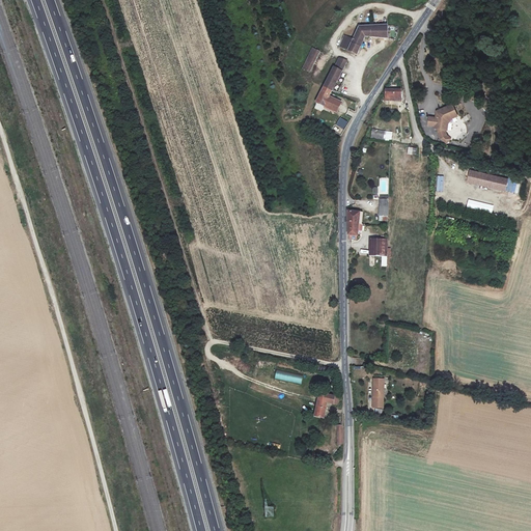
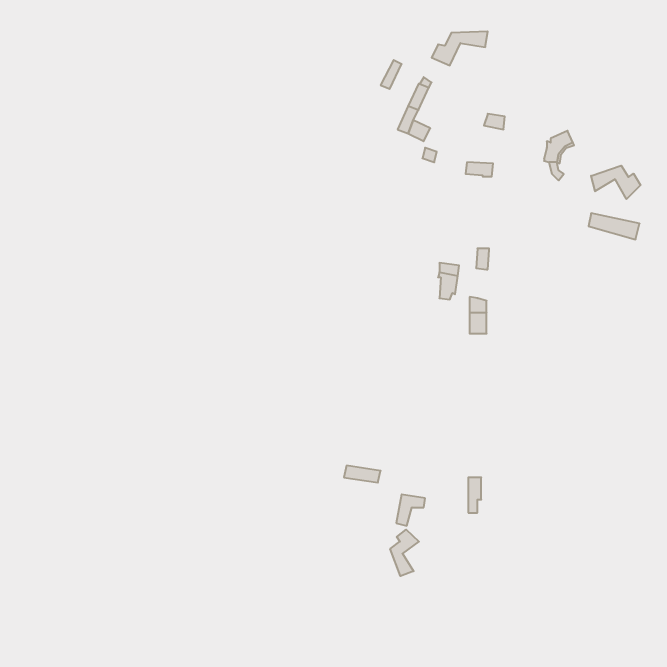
building: none -> [591,166,641,199]
building: none -> [390,530,419,576]

